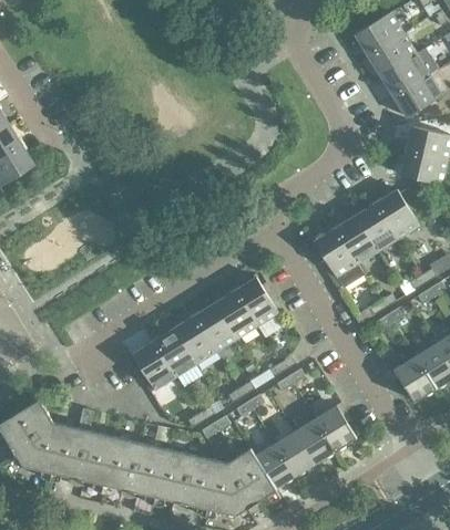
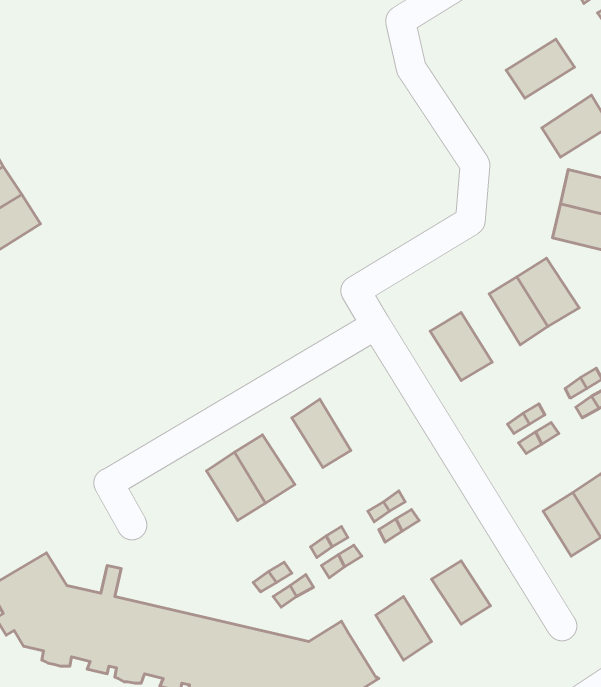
building: [354,12,402,55] -> none
building: [380,53,428,96] -> none
building: [335,215,377,263] -> none
building: [234,277,277,326] -> none
building: [193,303,236,351] -> none
building: [132,341,175,389] -> none
building: [294,418,335,463] -> none
building: [254,444,294,488] -> none

